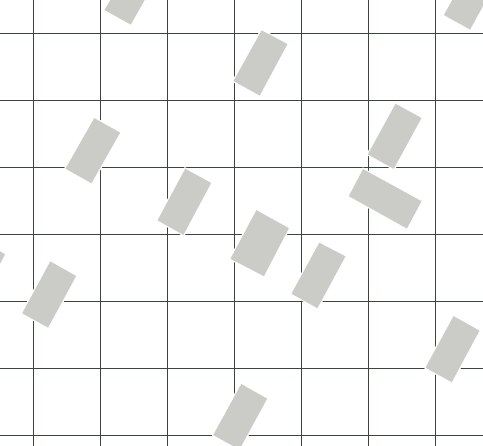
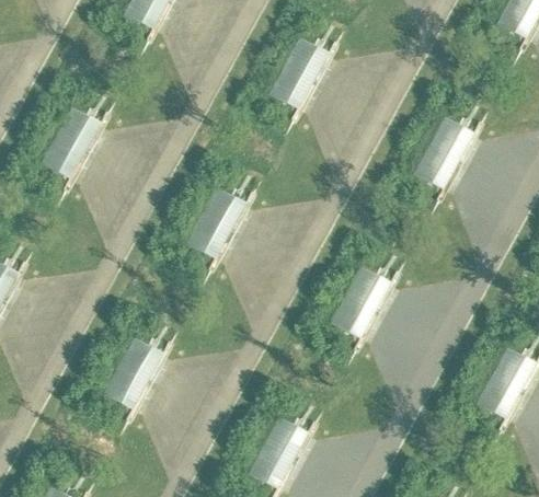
building: [64,117,121,184] -> [43,108,104,181]
building: [348,168,422,229] -> none
building: [229,209,290,277] -> none
building: [21,260,77,329] -> [99,336,159,409]

